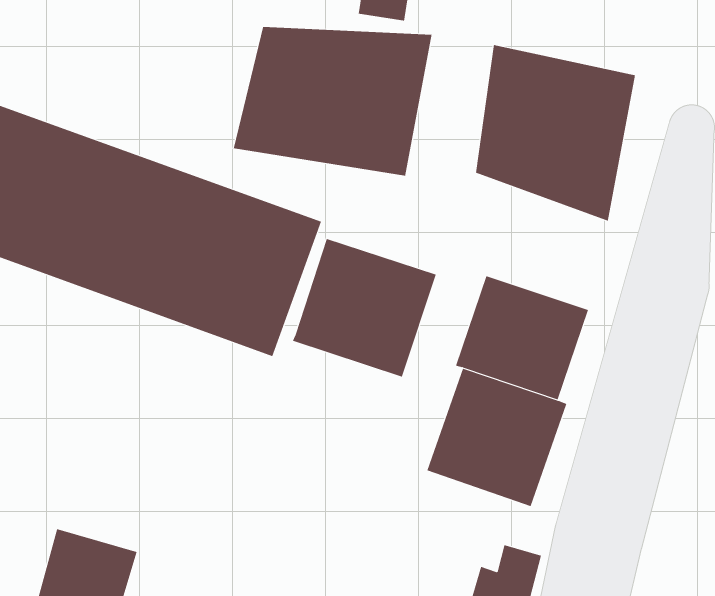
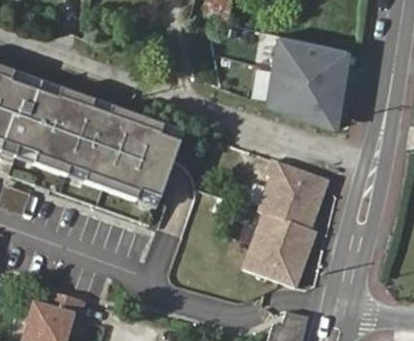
building: [233,26,432,177] -> none
building: [292,238,437,377] -> none

